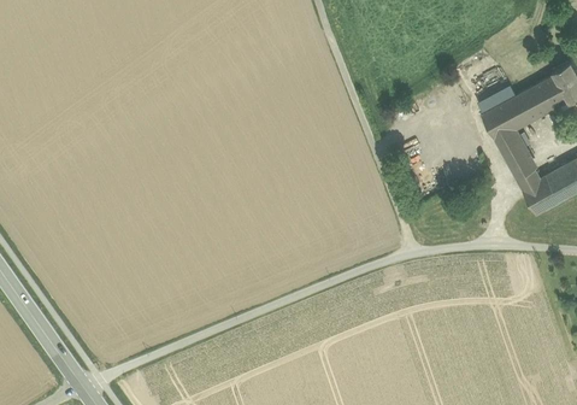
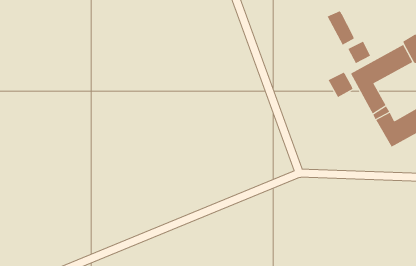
building: none -> [327,10,354,45]
building: none -> [328,72,353,98]

